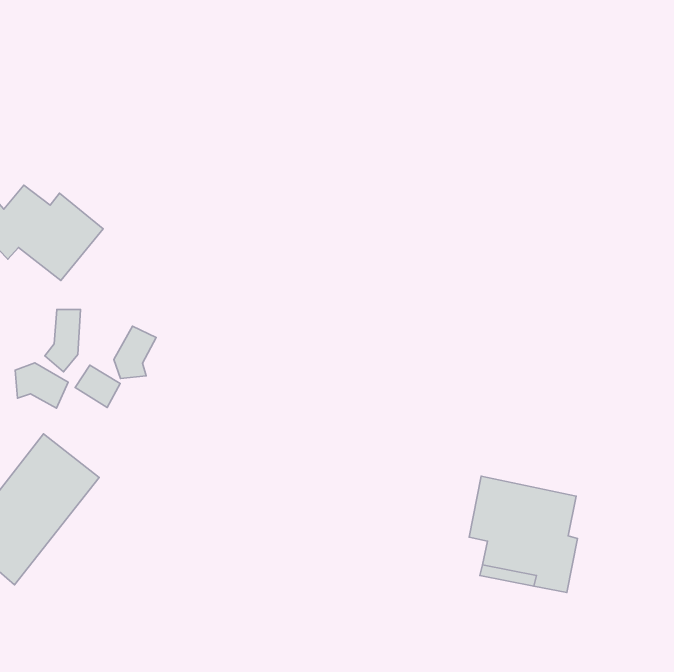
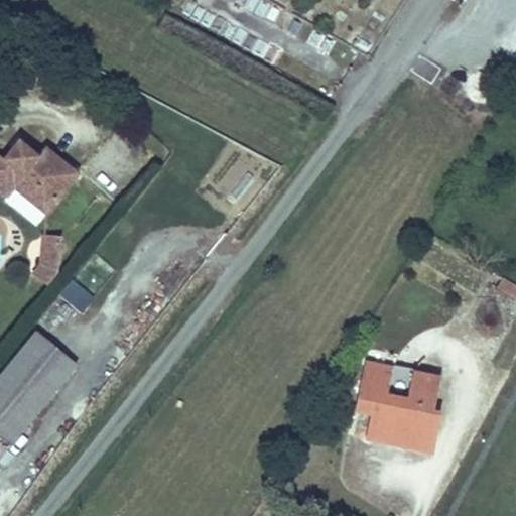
building: [114,326,156,378] -> none
building: [15,363,68,408] -> none

